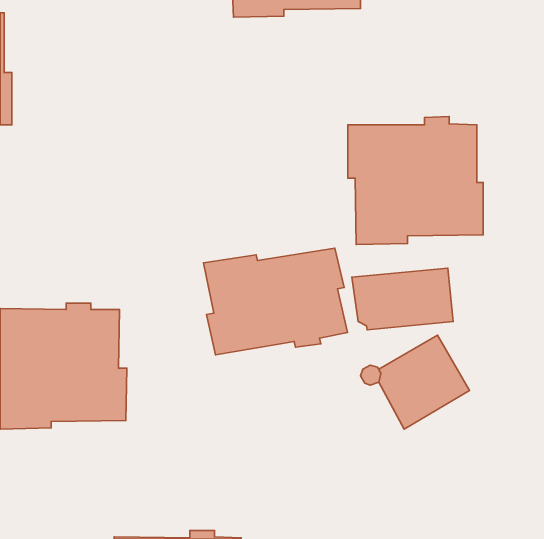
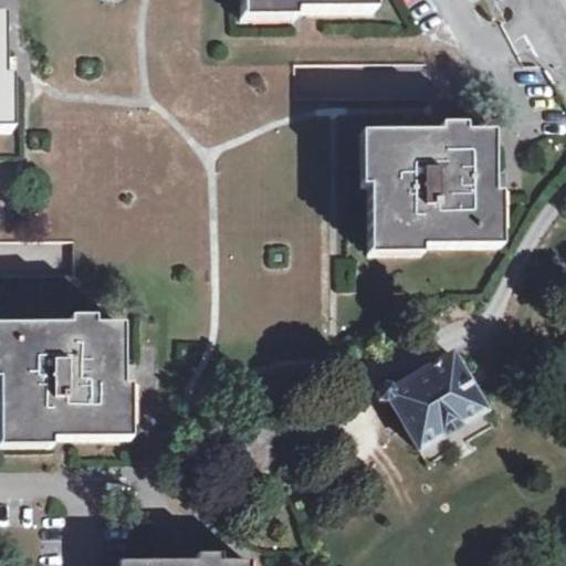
building: [204,248,348,355] -> none
building: [352,268,453,330] -> none

